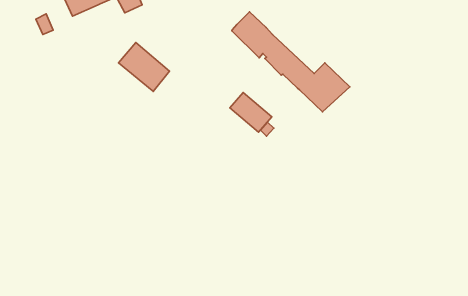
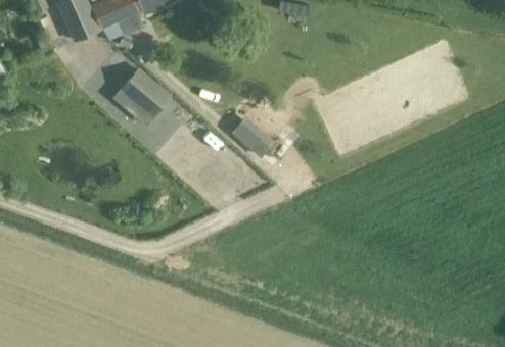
building: [232,12,350,112] -> none

